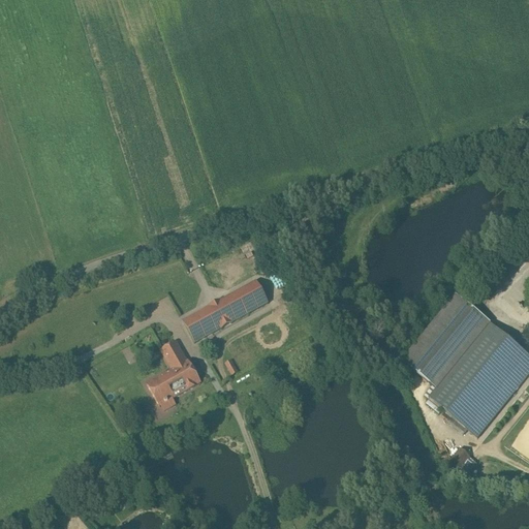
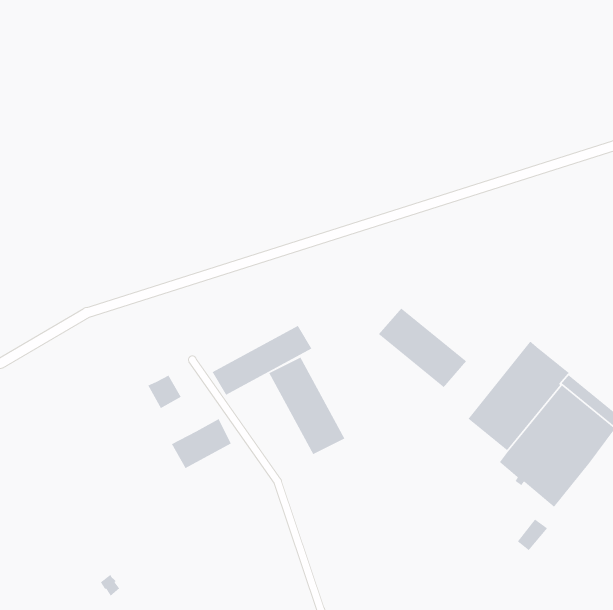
building: none -> [378,307,467,388]
building: none -> [268,357,345,455]
building: [158,340,188,370] -> [147,374,182,409]

